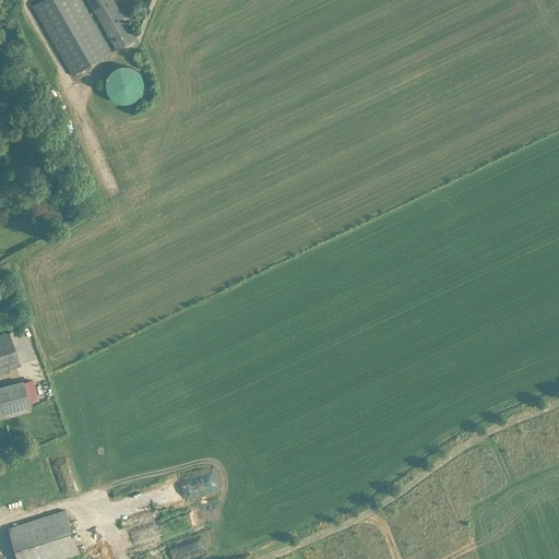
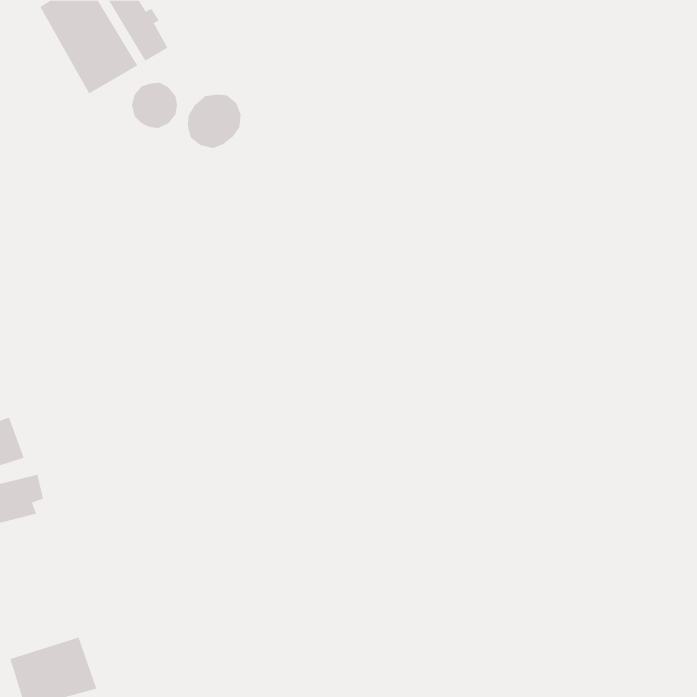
building: none -> [188,94,241,149]

